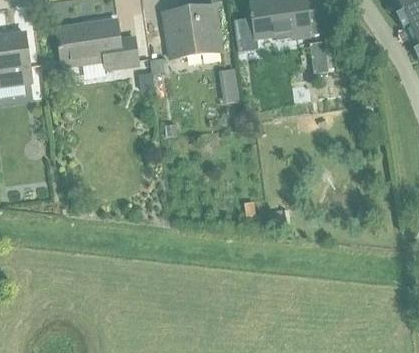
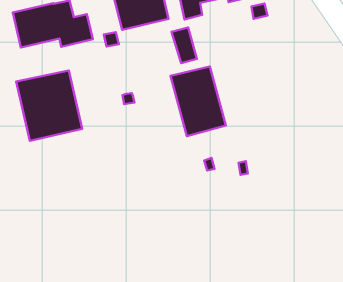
building: none -> [16,71,82,141]
building: none -> [170,66,226,136]

